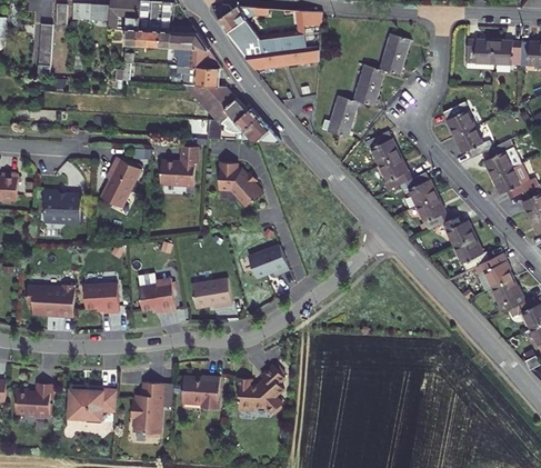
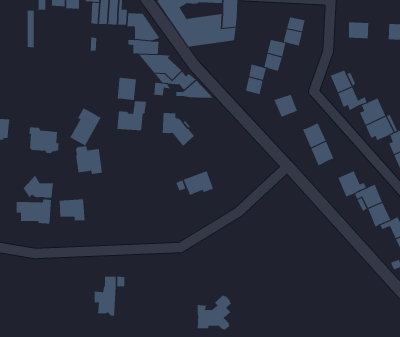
building: [493,44,520,67] -> none
building: none -> [117,77,137,101]
building: [378,161,410,193] -> none
building: [442,220,474,250] -> none
building: none -> [23,175,53,199]
building: [140,269,177,307] -> [75,146,103,174]
building: [193,272,233,302] -> none
building: [237,360,283,408] -> [197,294,232,330]
building: [181,370,218,404] -> none
building: [13,378,52,412] -> none
building: [69,385,116,419] -> none

